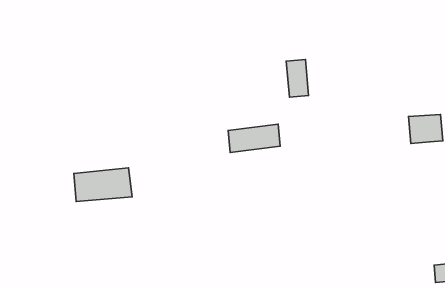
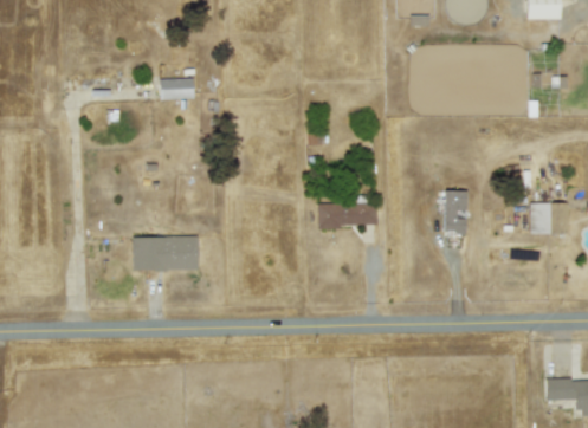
building: none -> [160,78,195,99]
building: [286,59,308,97] -> [445,190,467,233]

